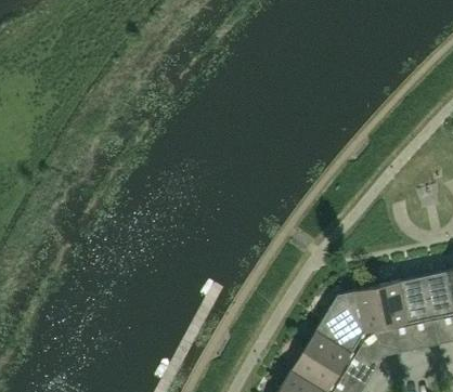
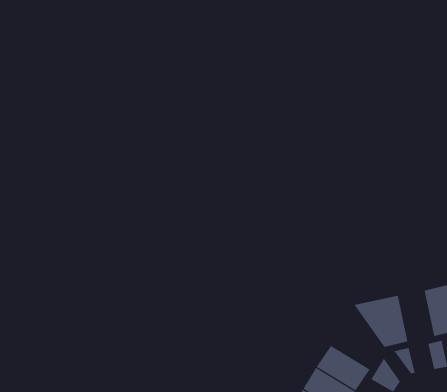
building: [376,284,407,329] -> none
building: [315,297,363,354] -> none

